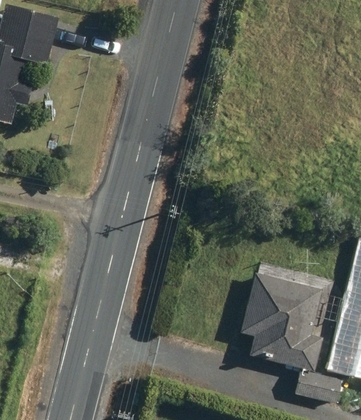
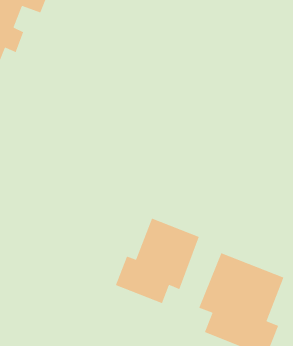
building: none -> [115,217,200,304]

